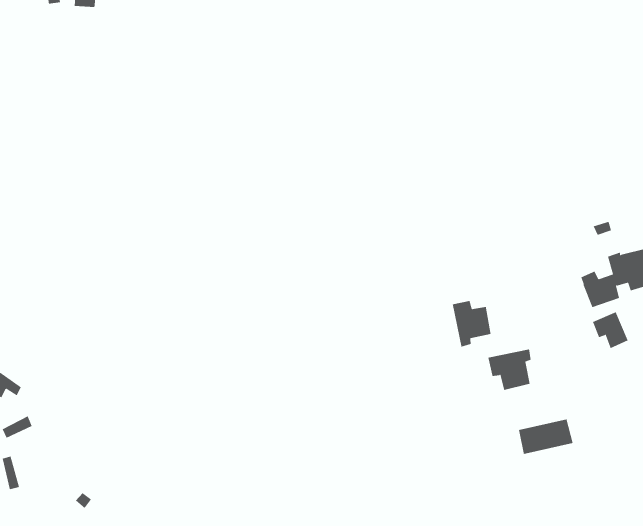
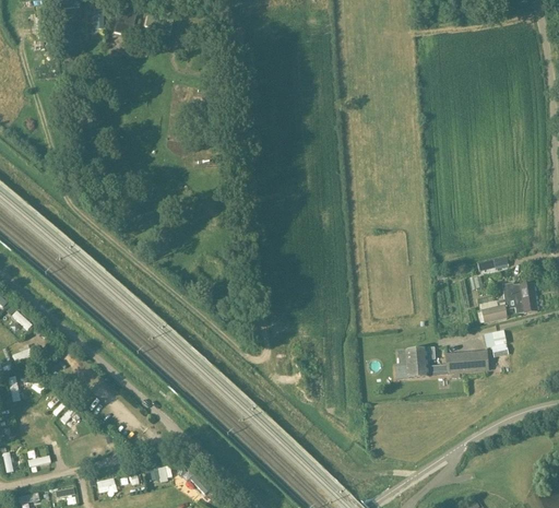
building: [452,300,491,347] -> none
building: [518,419,574,455] -> [445,350,487,373]

